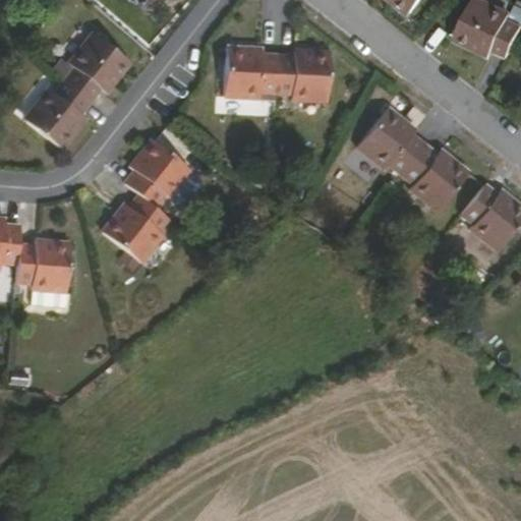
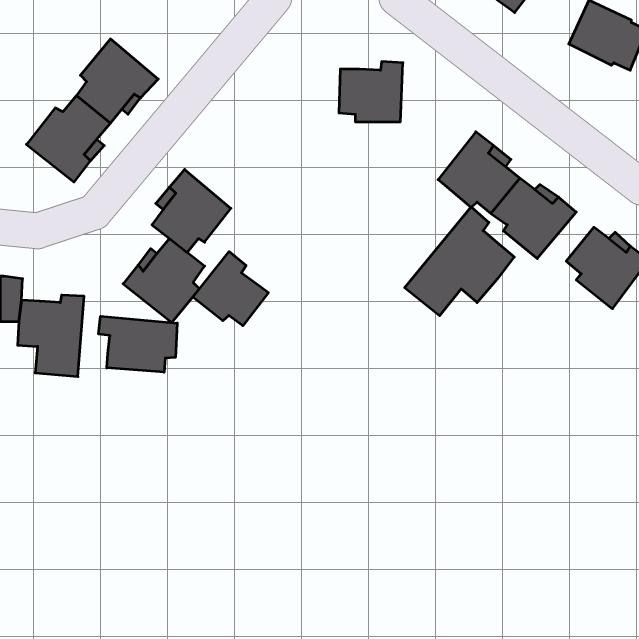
building: [225,46,278,97] -> none
building: none -> [405,207,514,316]
building: none -> [193,252,268,326]
building: none -> [99,316,177,372]

